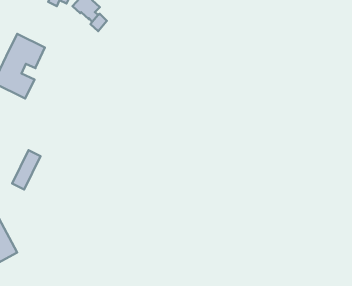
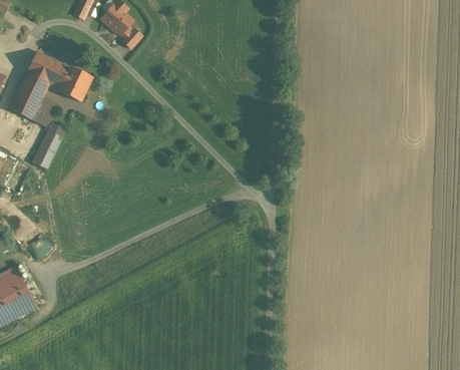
building: none -> [58,67,91,100]
building: [12,150,40,190] -> [32,122,65,168]

